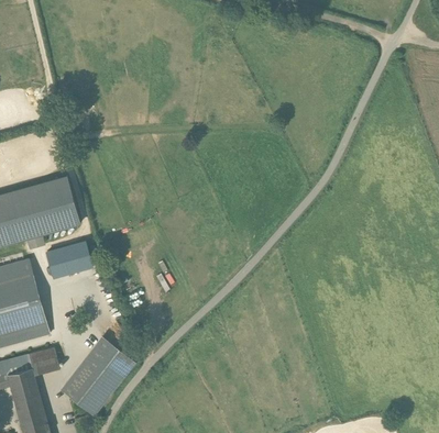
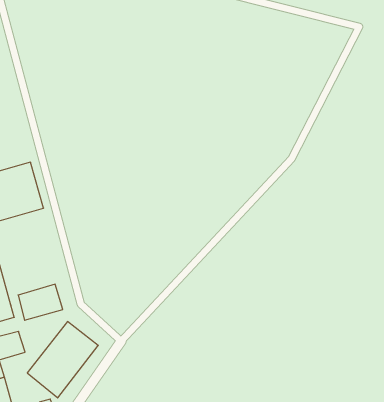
building: [47,242,92,278] -> [18,284,63,320]

